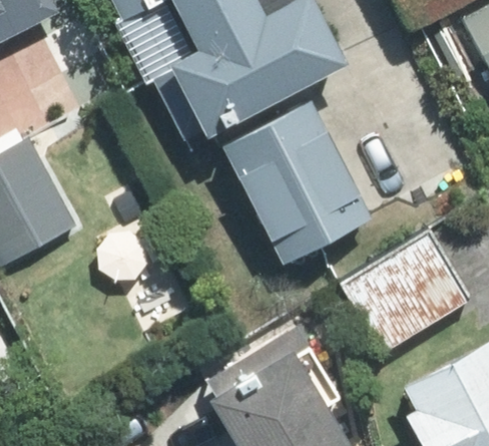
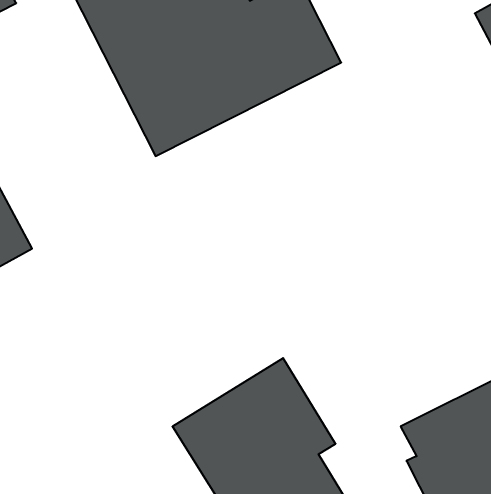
building: [221,98,374,262] -> none
building: [338,229,472,354] -> none

